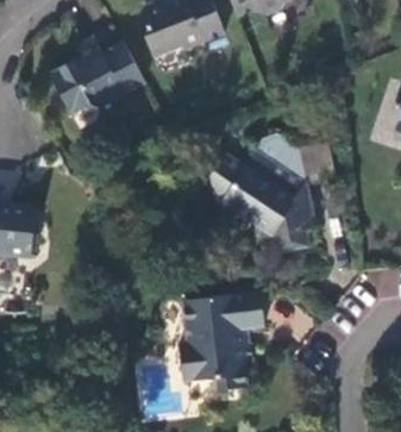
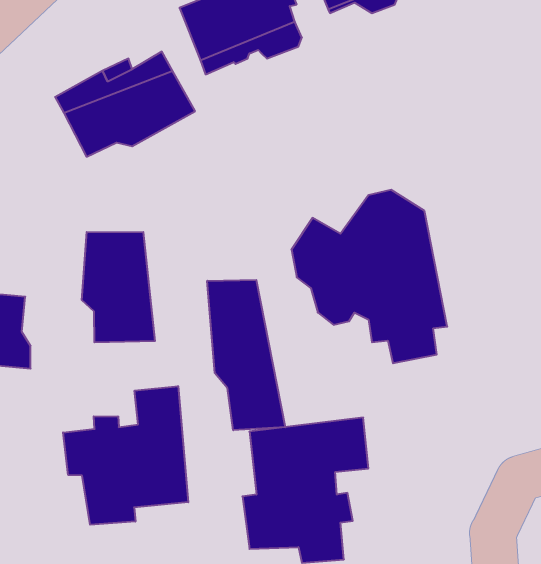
building: none -> [82,232,155,342]
building: none -> [207,280,285,430]
building: none -> [63,386,188,525]

